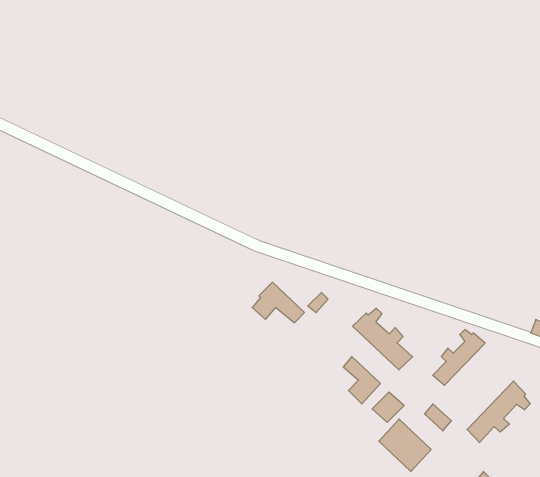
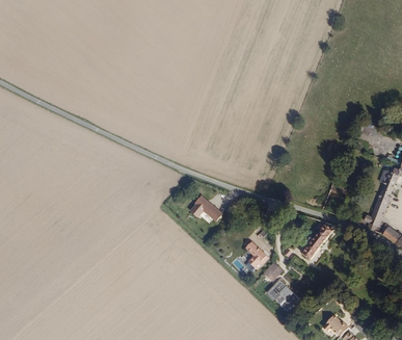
building: [353,308,413,370] -> none
building: [467,381,530,443] -> none

